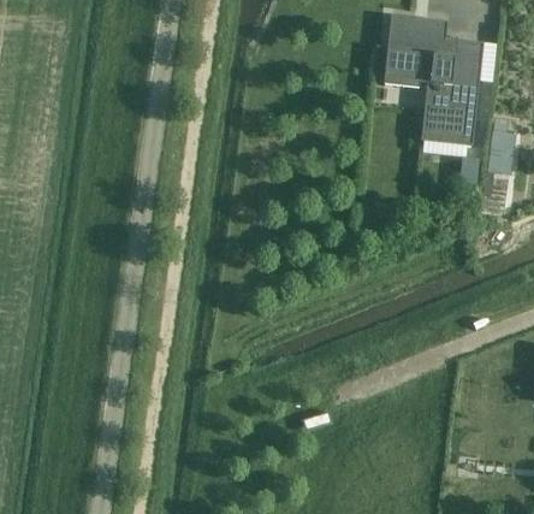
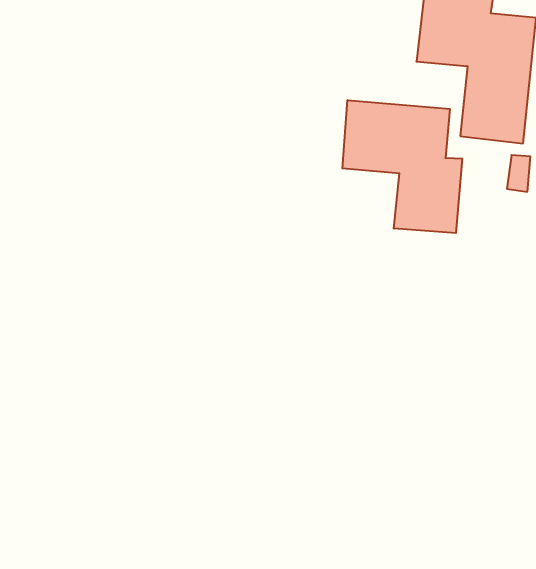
building: none -> [342,100,462,233]

